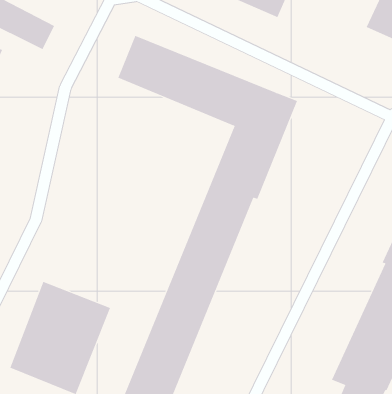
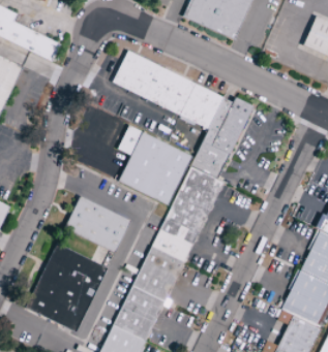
building: none -> [117,125,191,204]
building: none -> [63,195,129,252]

